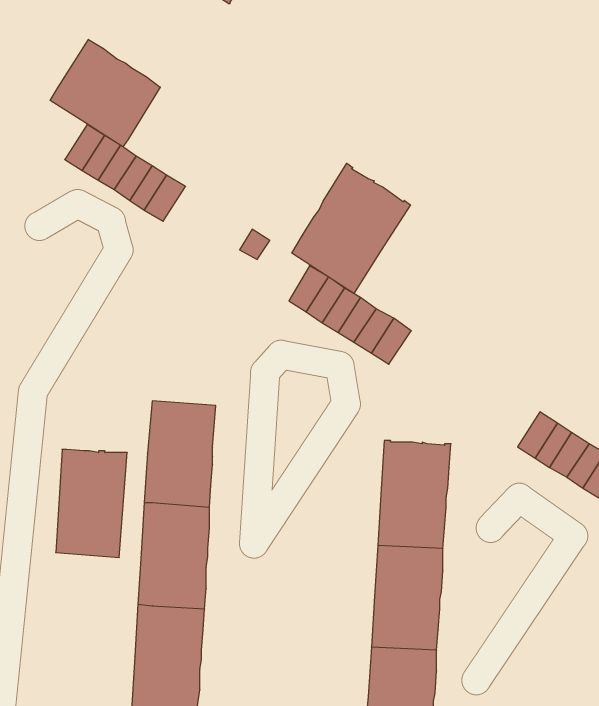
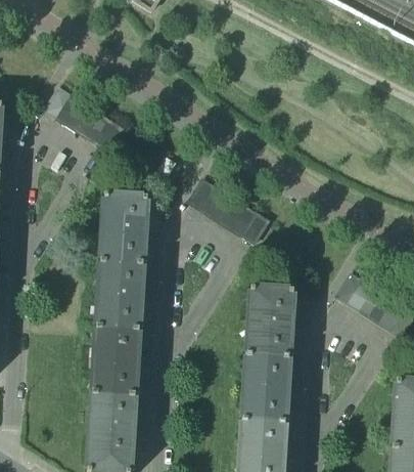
building: [50,39,160,147] -> none
building: [292,163,410,293] -> none
building: [56,449,127,557] -> [102,200,148,269]

